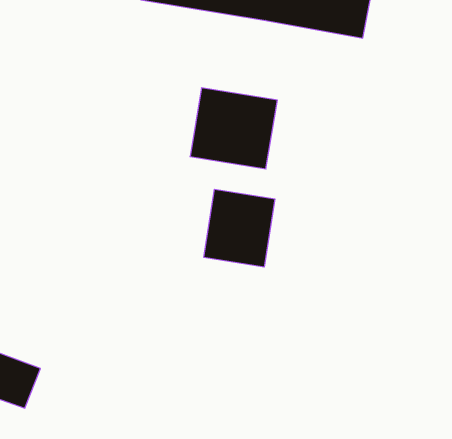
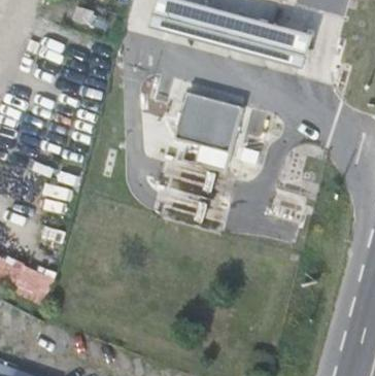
building: [204,189,275,267] -> none

